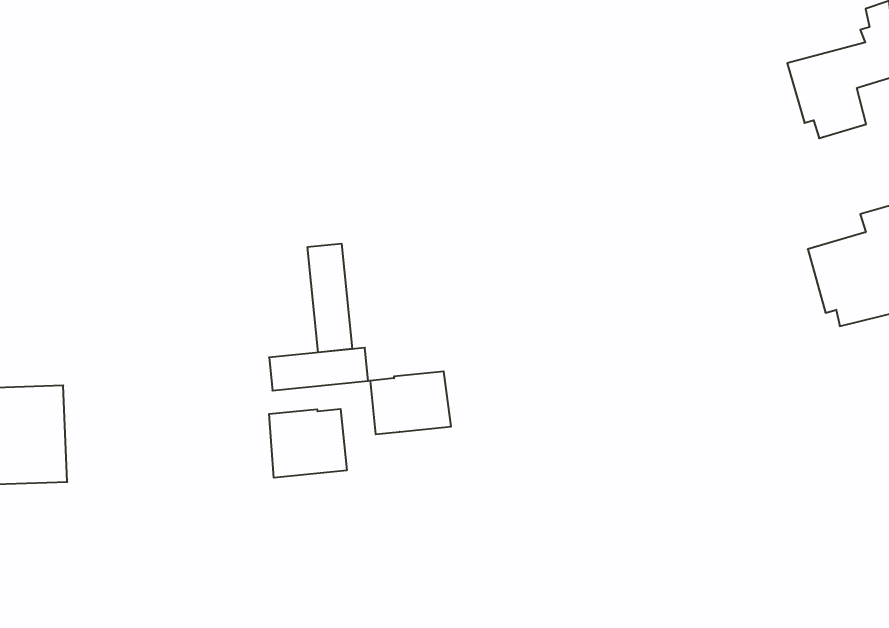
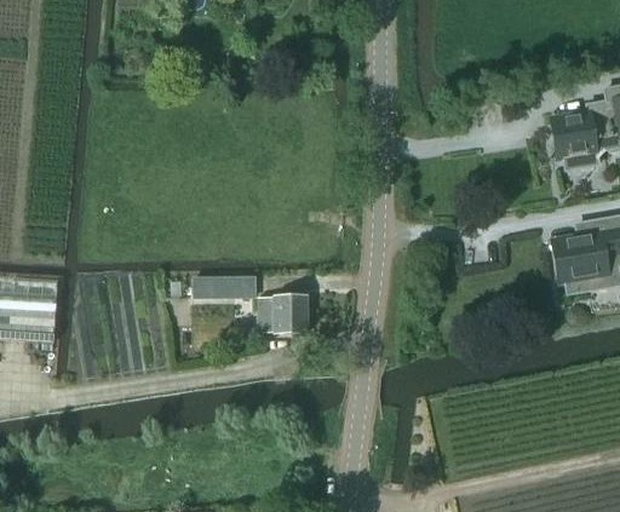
building: [308,244,352,352] -> none
building: [269,409,347,478] -> none

